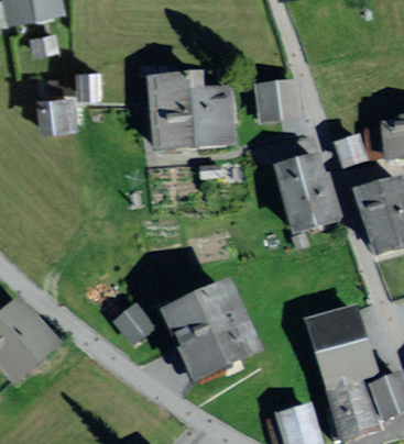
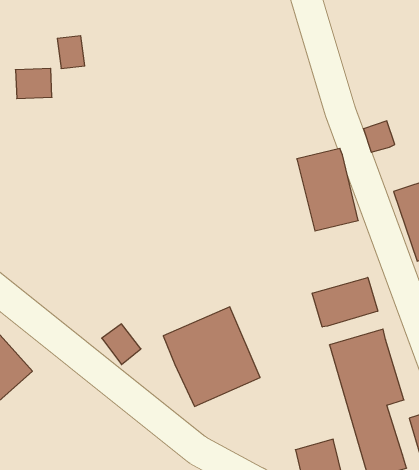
building: [153,75,228,149] -> none
building: [258,80,297,118] -> none
building: none -> [312,277,378,327]

